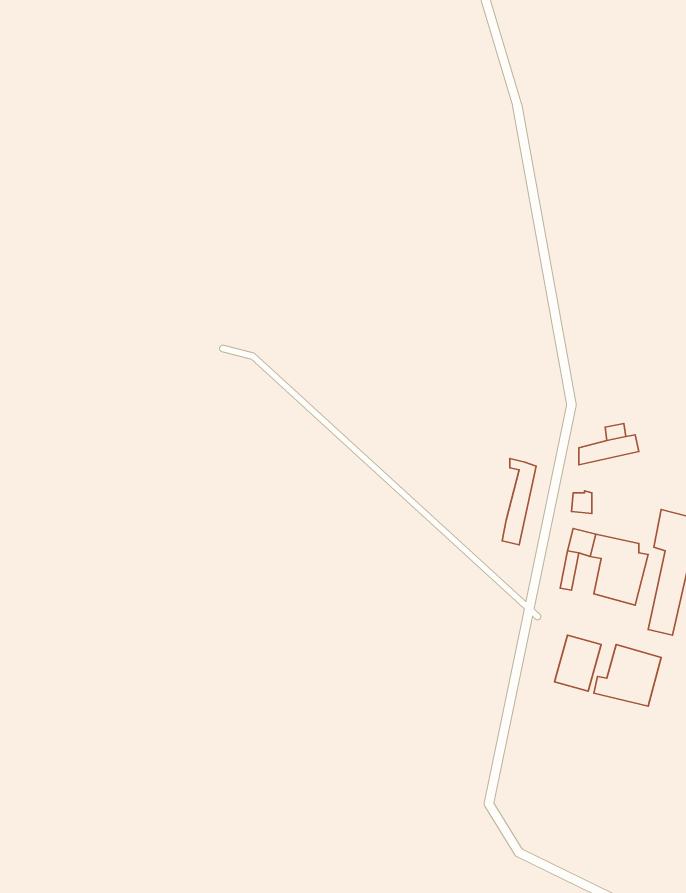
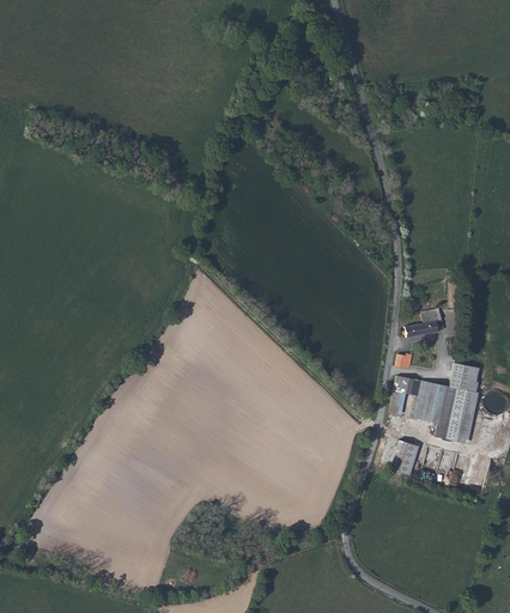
building: [502,459,536,545] -> [438,384,460,439]

